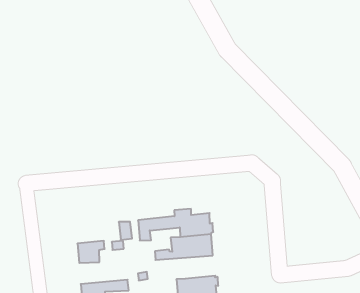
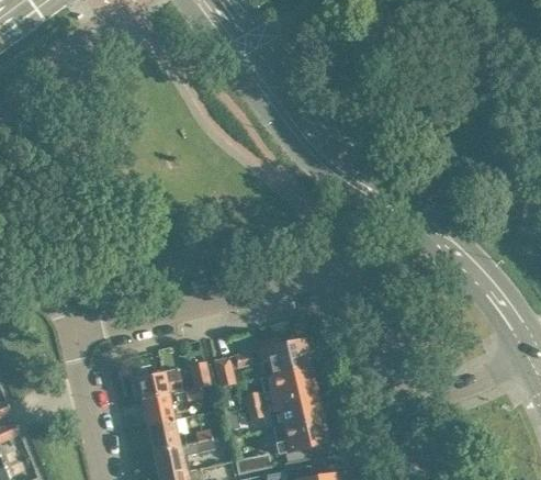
building: none -> [129,370,182,401]
building: none -> [244,393,322,429]
building: none -> [148,418,212,451]

